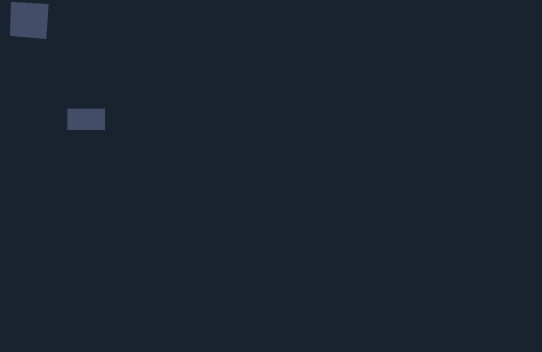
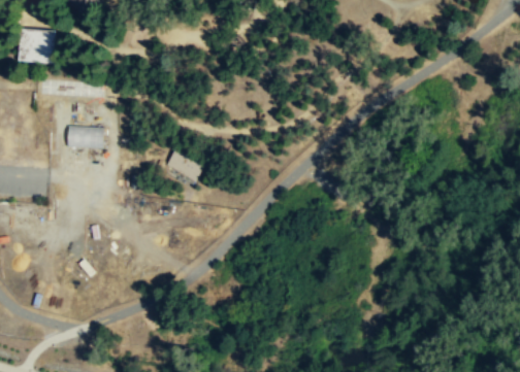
building: none -> [169,149,208,181]

